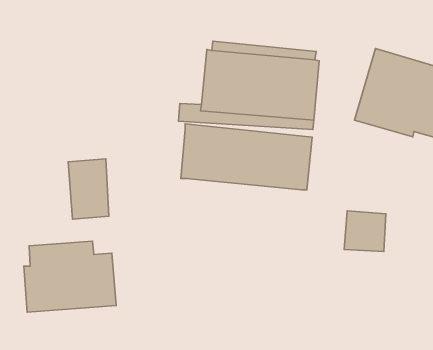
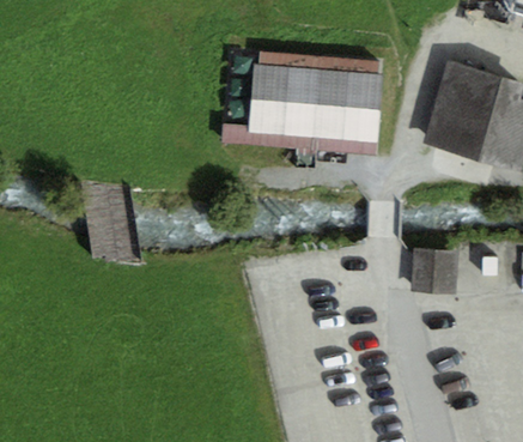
building: [181,124,312,190] -> none
building: [24,241,116,312] -> none

